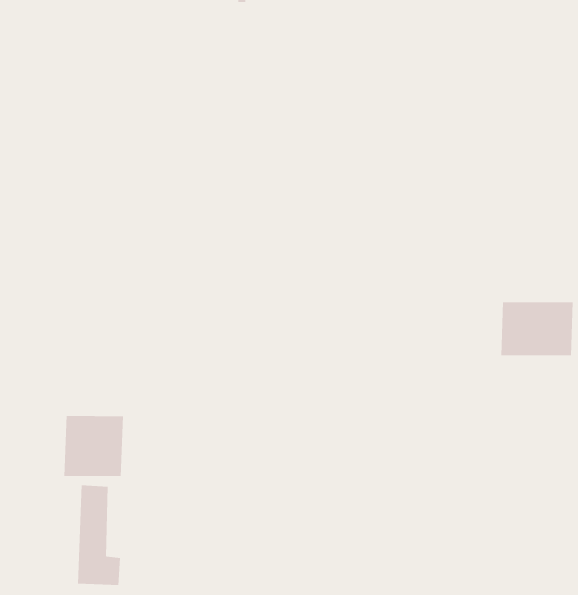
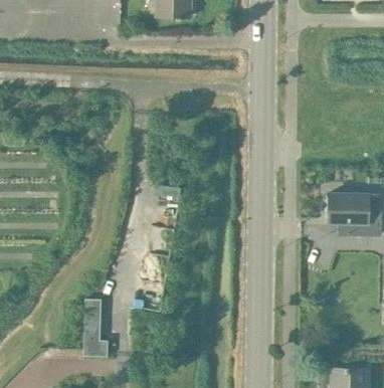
building: [64,415,123,477] -> none

